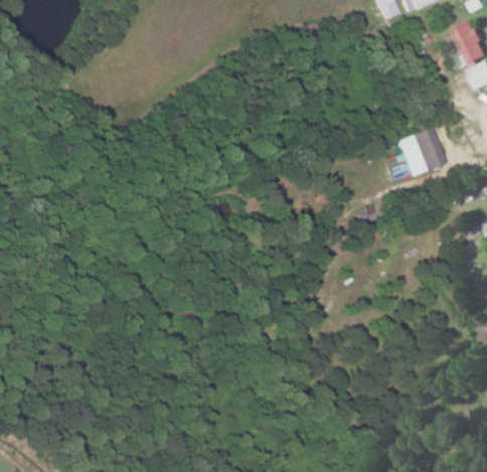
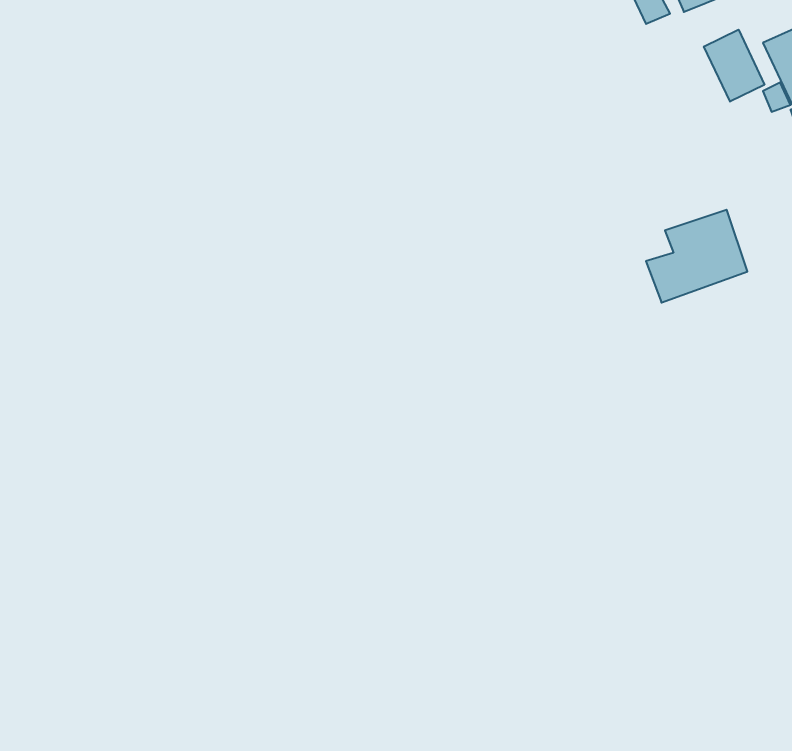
building: none -> [704,30,764,102]

